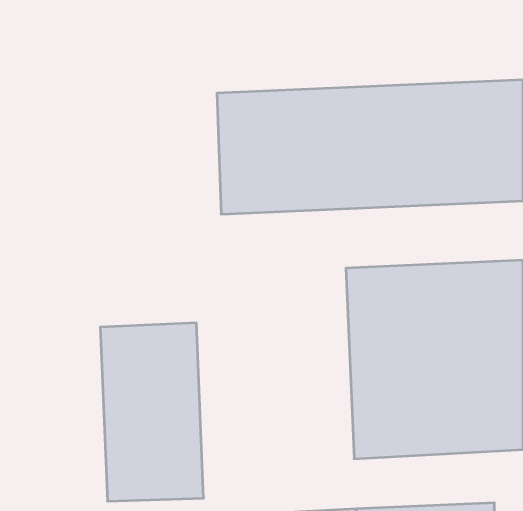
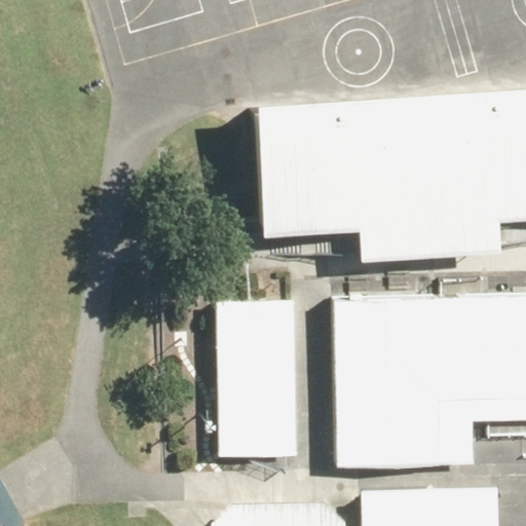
building: [100,323,204,501] -> [209,301,312,480]

